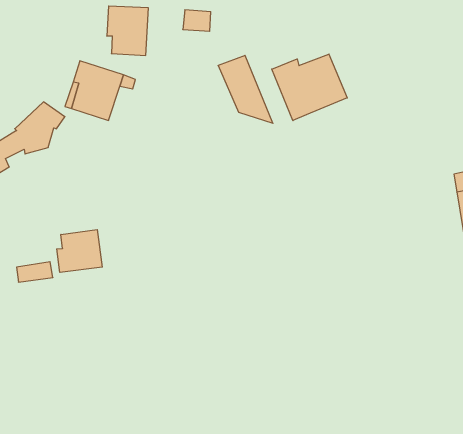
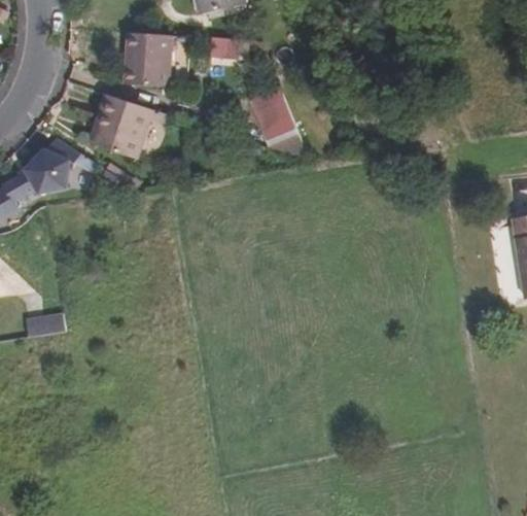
building: [272,54,347,121] -> none
building: [57,230,102,272] -> none

